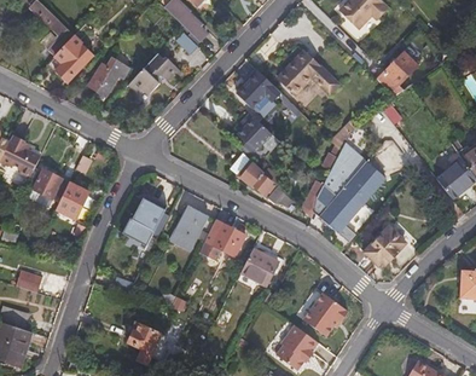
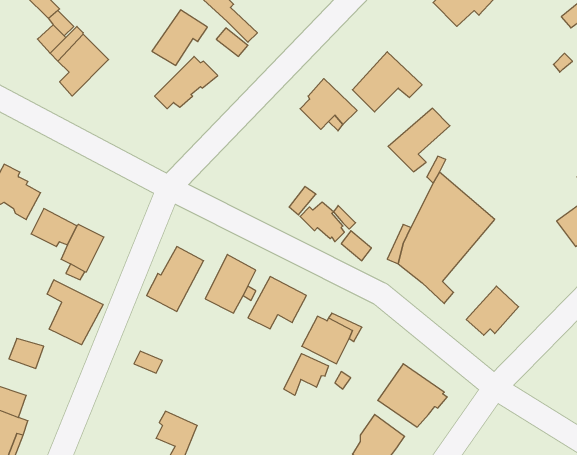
building: [376,46,423,94] -> [388,108,450,172]
building: [88,53,130,96] -> [152,10,207,65]
building: [238,116,272,150] -> none
building: none -> [47,280,103,345]
building: none -> [284,354,328,395]

